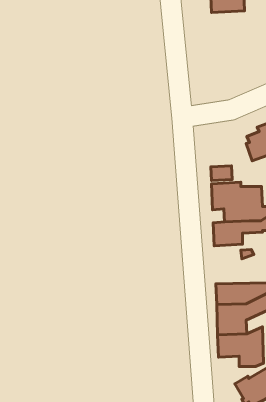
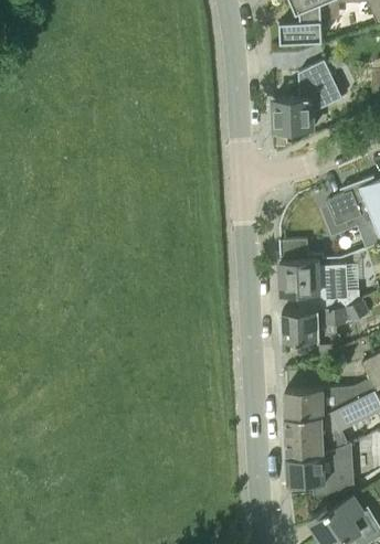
building: none -> [273,61,342,131]

